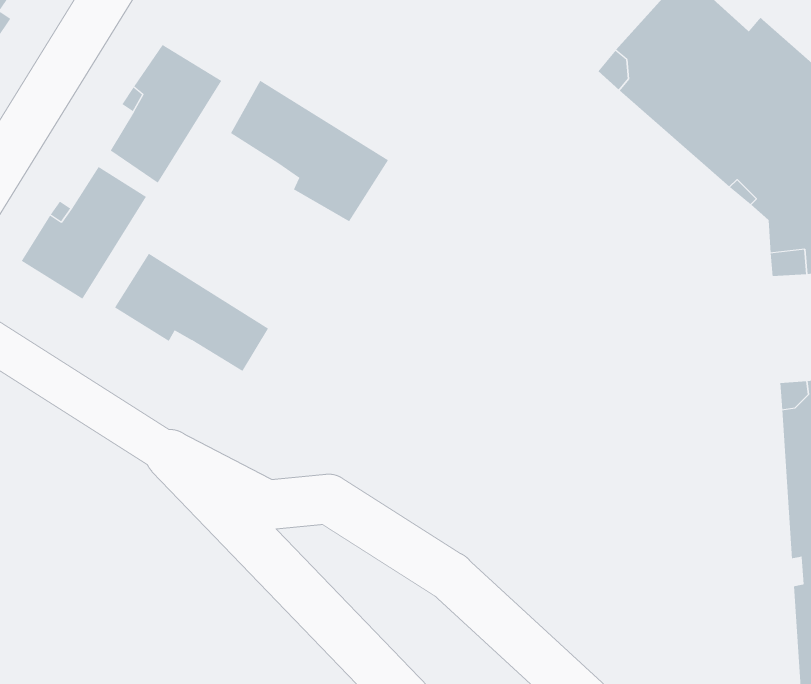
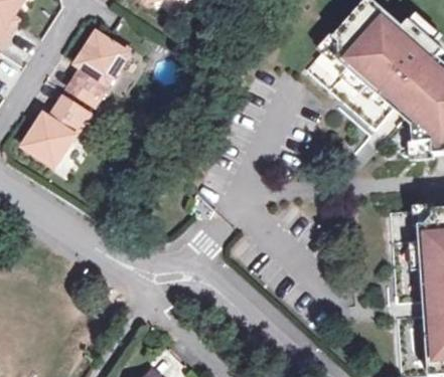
building: [230,80,389,222] -> none
building: [114,253,269,372] -> none

